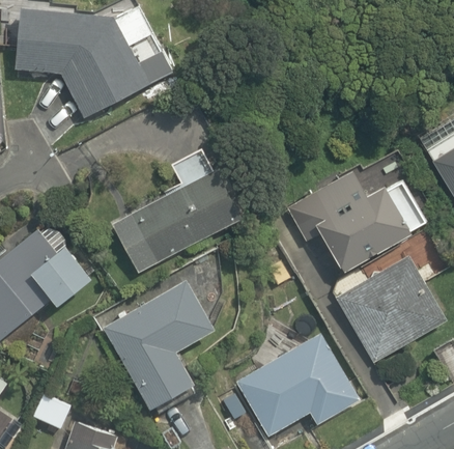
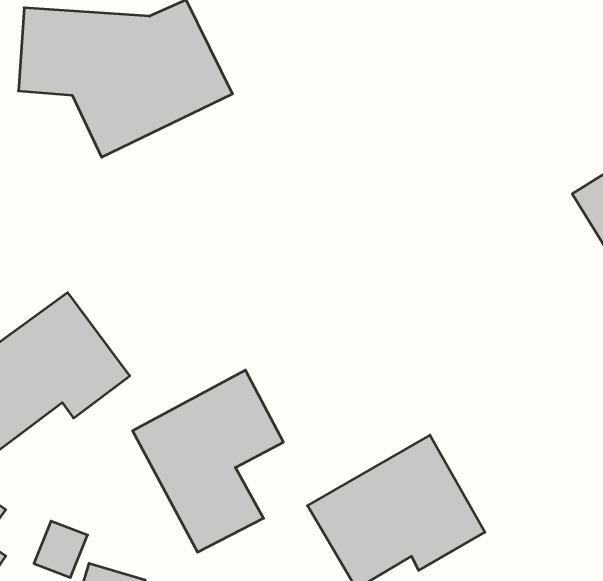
building: [112,142,243,273] -> none
building: [284,168,430,277] -> none
building: [332,256,442,361] -> none

